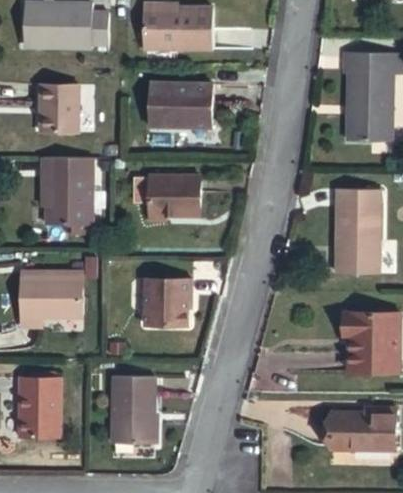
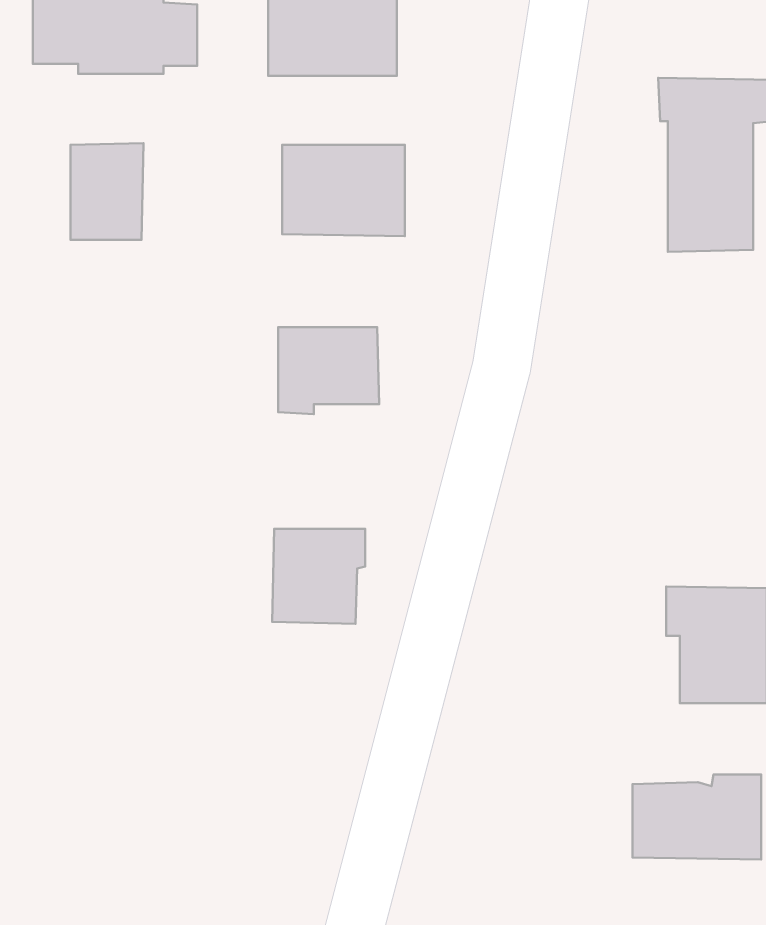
building: [42,157,92,226] -> none
building: [333,184,375,270] -> none
building: [22,280,82,320] -> none
building: [116,377,157,445] -> none
building: [22,378,62,440] -> none

